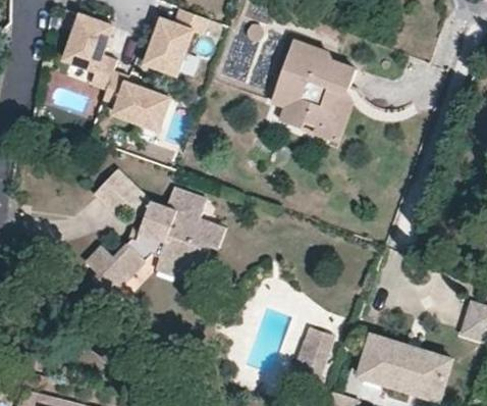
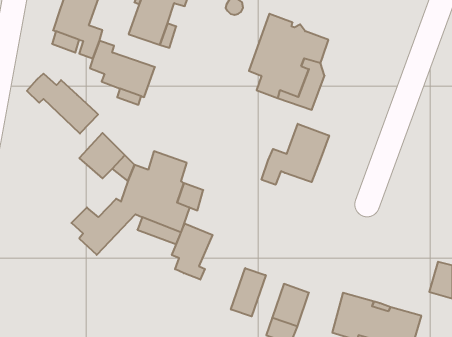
building: none -> [27,74,98,134]
building: none -> [262,124,329,185]
building: none -> [172,223,213,280]
building: none -> [231,268,266,316]

